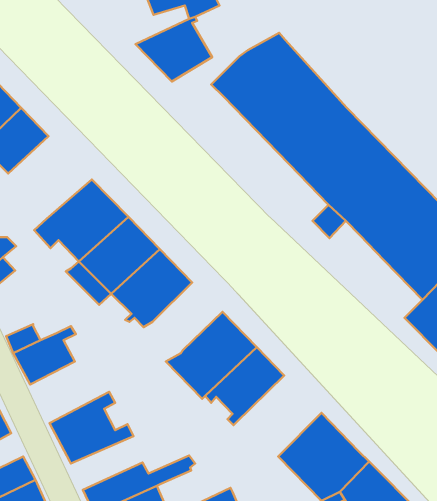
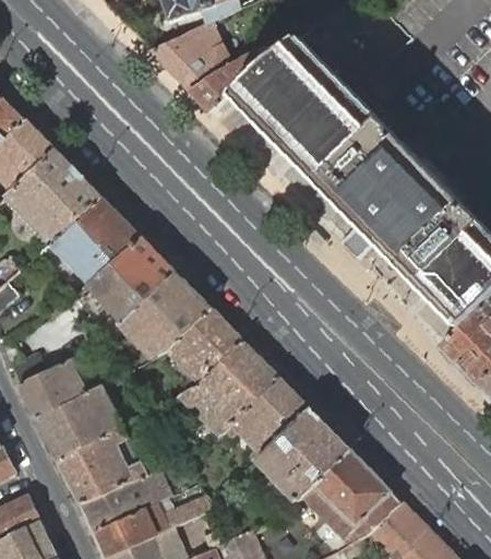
building: none -> [189,46,271,115]
building: none -> [9,151,103,240]
building: none -> [169,309,243,382]
building: none -> [36,377,123,461]
building: none -> [258,409,350,501]
building: none -> [80,471,170,533]

